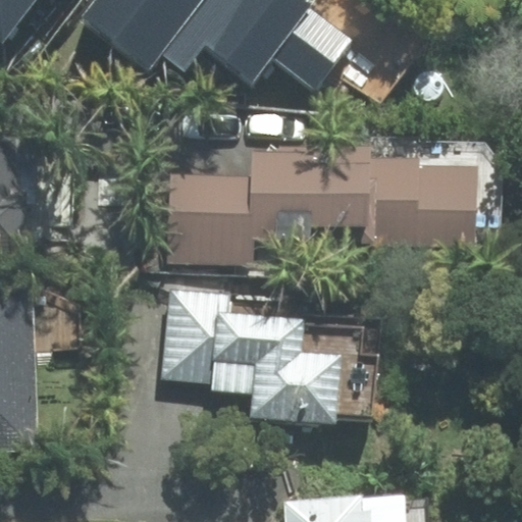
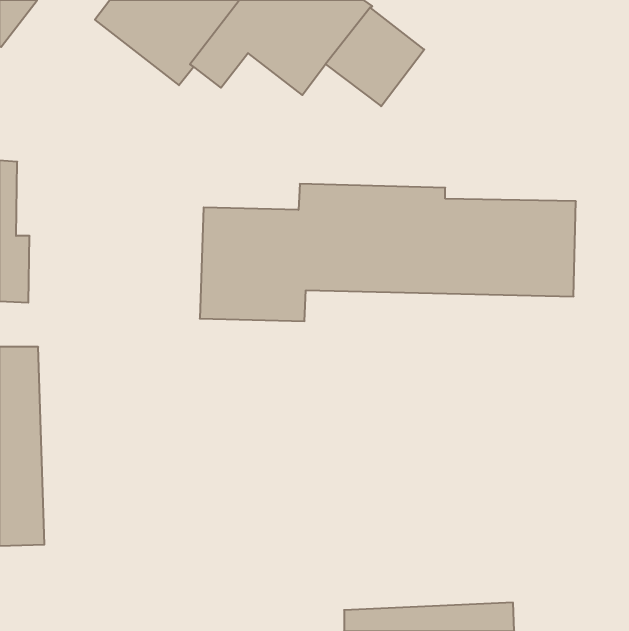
building: [160,288,375,422] -> none

